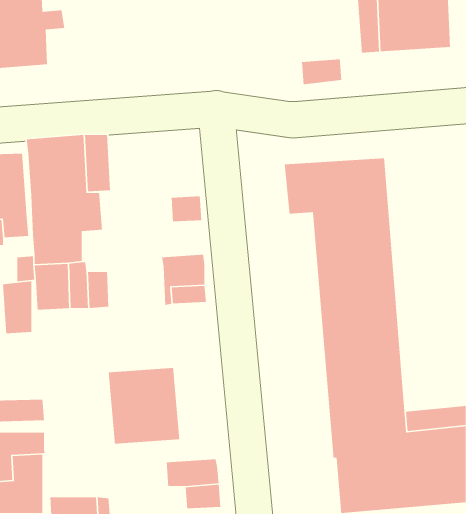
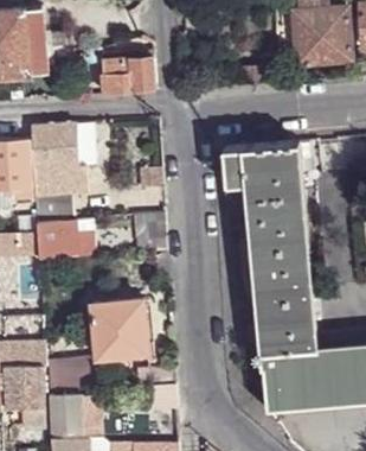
building: none -> [101,56,155,93]
building: none -> [44,357,96,392]

